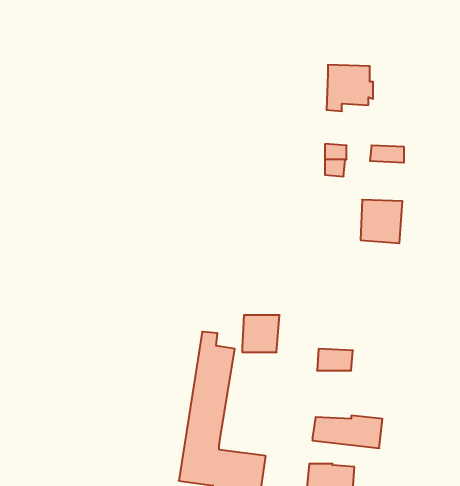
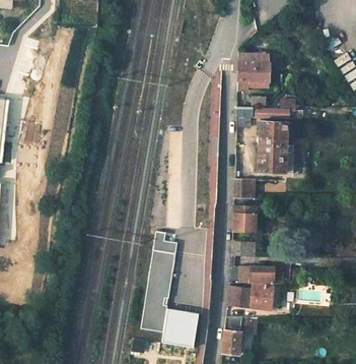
building: none -> [261,122,287,145]
building: none -> [233,179,260,199]
building: [242,315,280,352] -> [232,206,257,231]
building: none -> [240,266,275,285]

